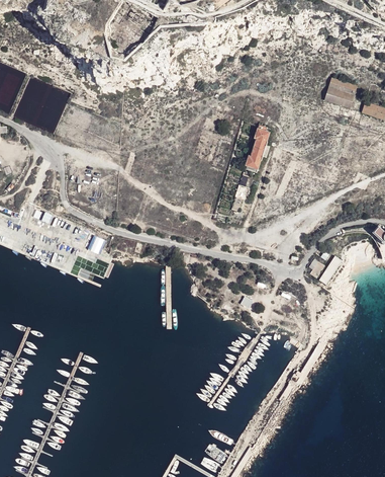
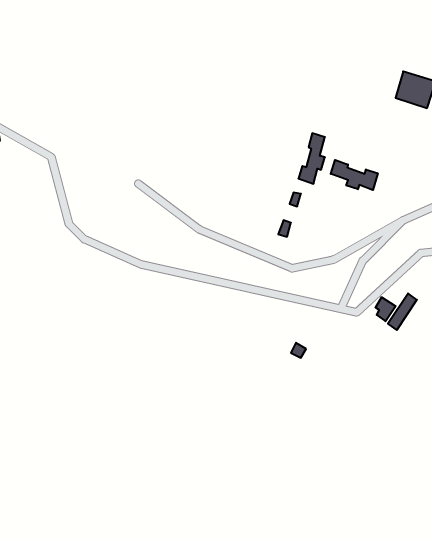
building: none -> [331,160,378,190]

